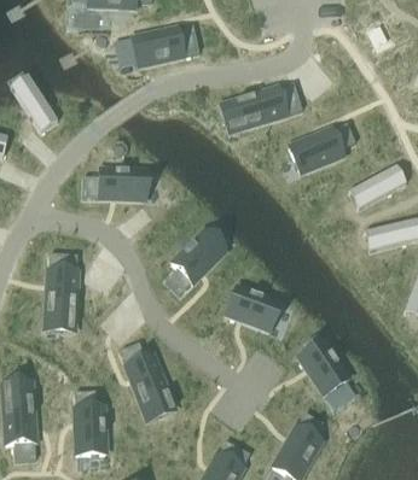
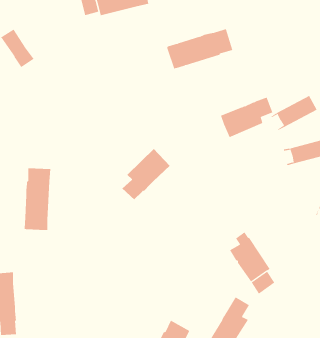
building: [289,123,354,174] -> [220,97,273,138]
building: [82,169,145,200] -> none
building: [225,287,279,330] -> none
building: [118,343,175,422] -> none
building: [74,391,105,455] -> none

